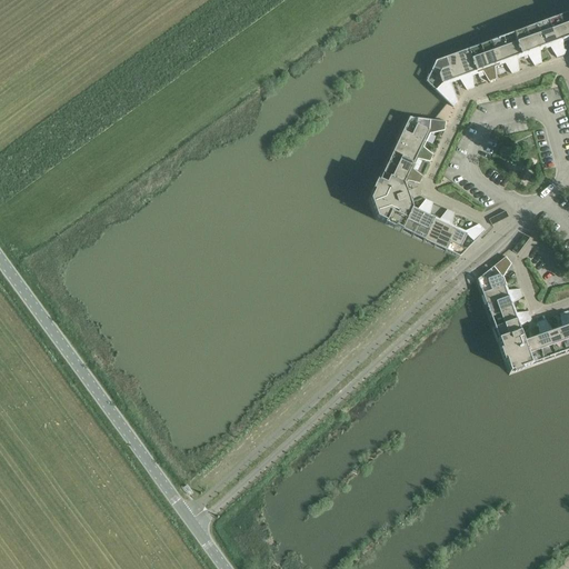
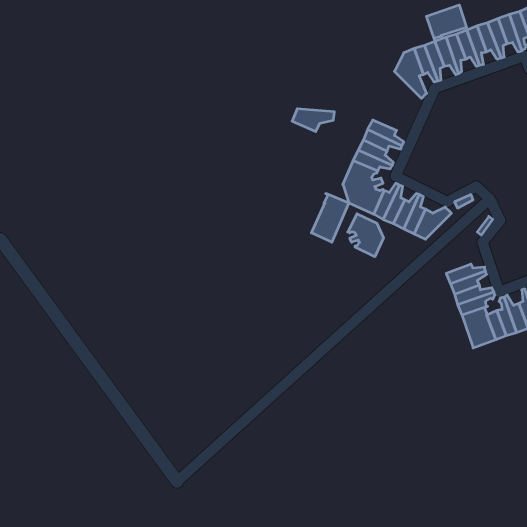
building: none -> [426,5,467,41]
building: [402,116,448,140] -> [292,109,334,132]
building: none -> [311,194,349,242]
building: none -> [348,214,383,257]
building: [477,254,513,293] -> none

